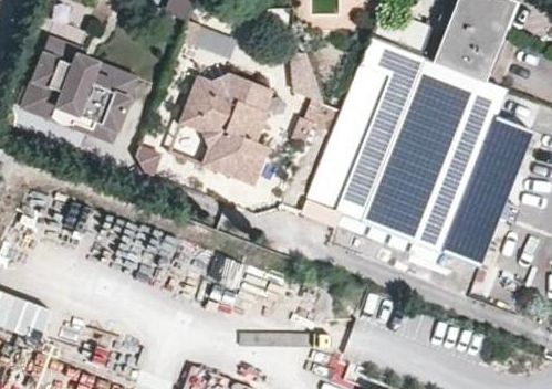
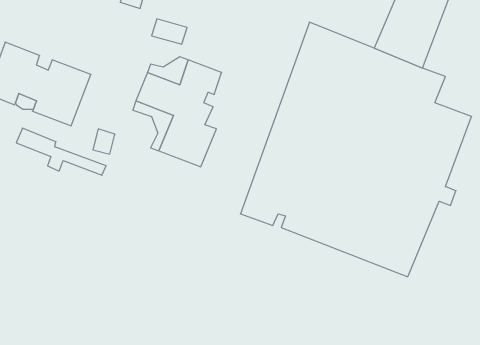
building: [44,39,139,88] -> [16,128,106,175]

